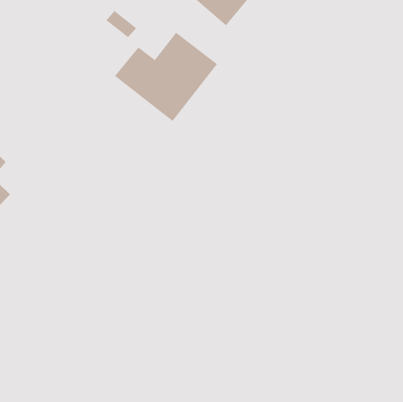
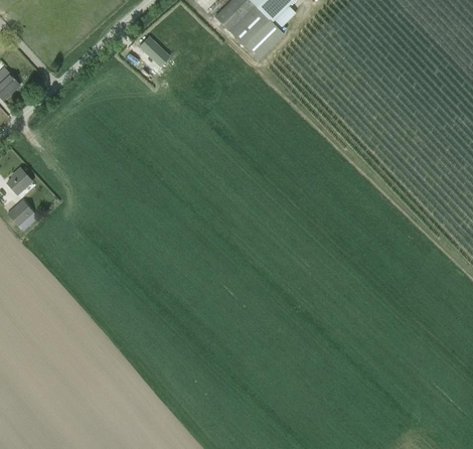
building: [114,32,218,122] -> none

